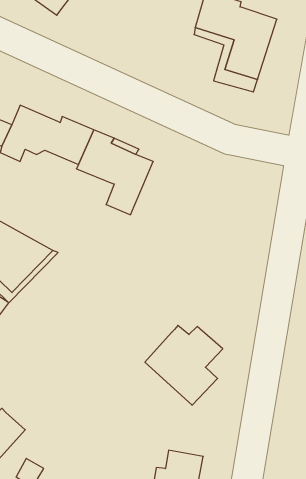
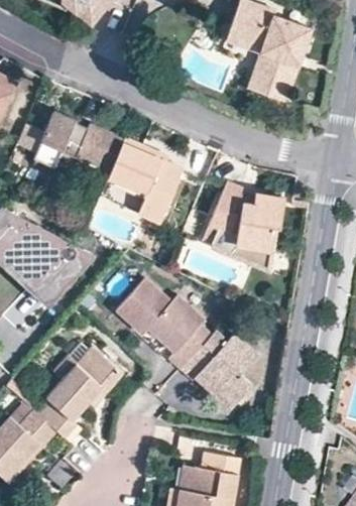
building: none -> [212,178,282,251]
building: none -> [113,275,207,365]
building: none -> [40,348,124,437]

